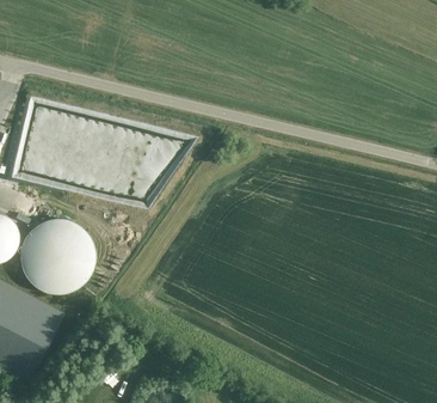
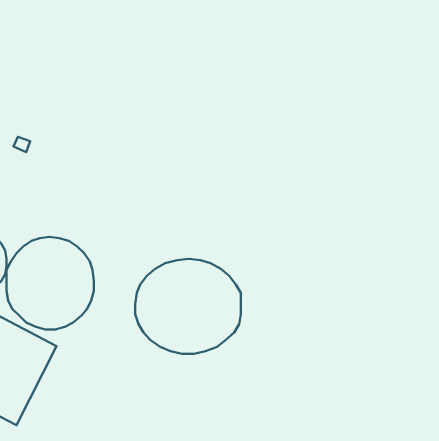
building: none -> [135,259,241,354]

